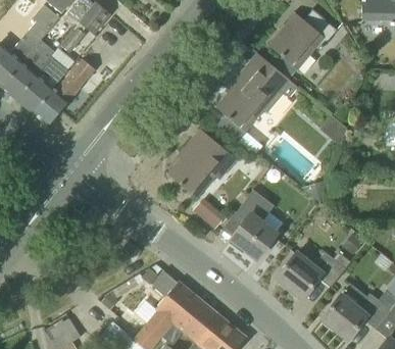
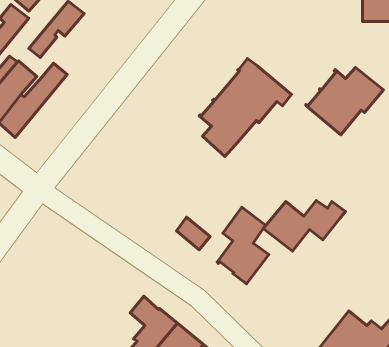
building: [267,9,338,70] -> [306,67,384,135]
building: [166,129,237,199] -> none
building: [277,251,351,297] -> [263,200,345,251]

